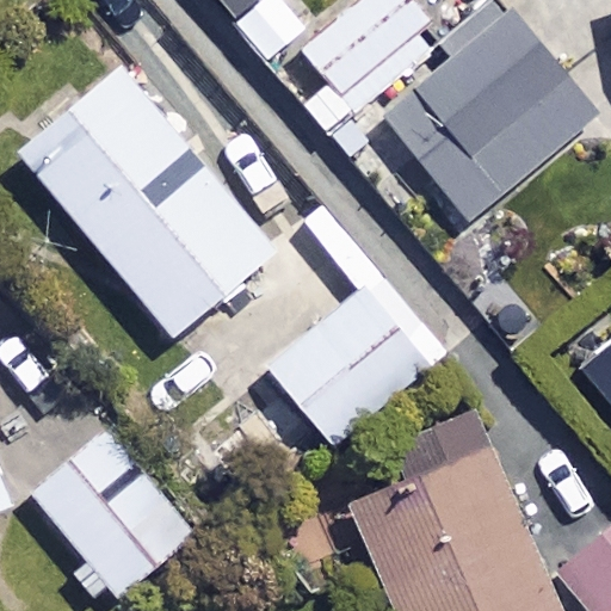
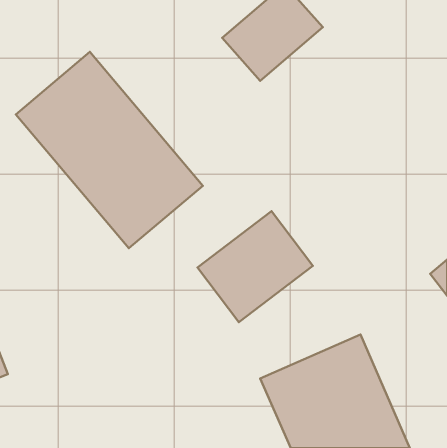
building: [379,8,595,221] -> none
building: [31,427,197,599] -> none

